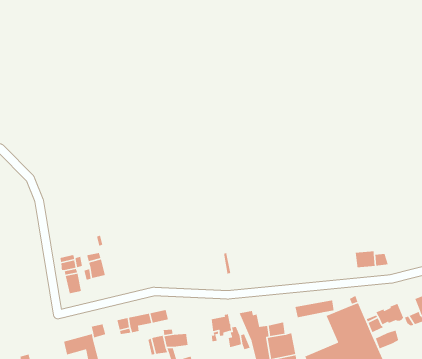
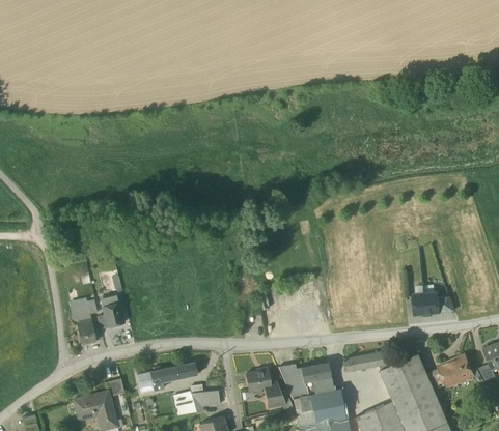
building: none -> [300,363,331,382]
building: [375,330,399,350] -> none

